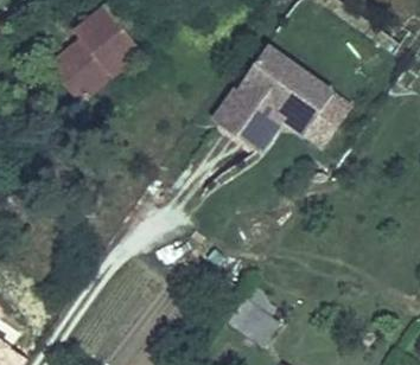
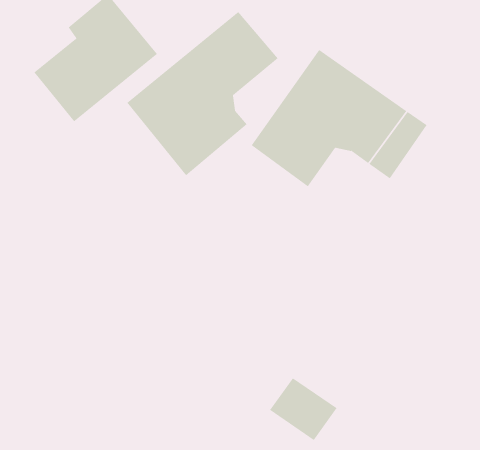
building: none -> [127,11,279,176]

